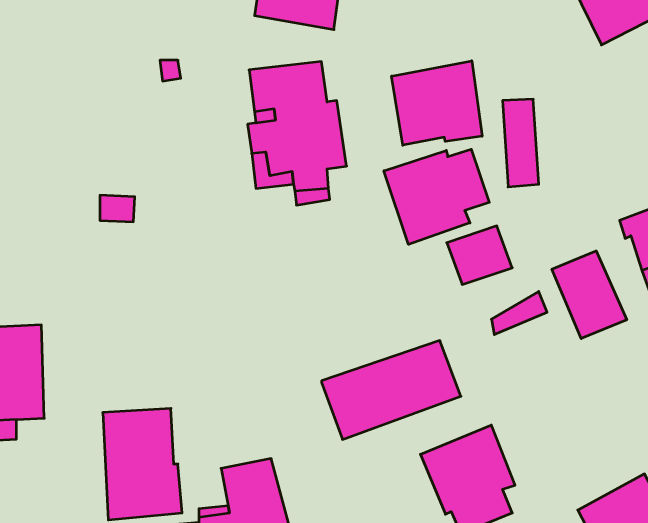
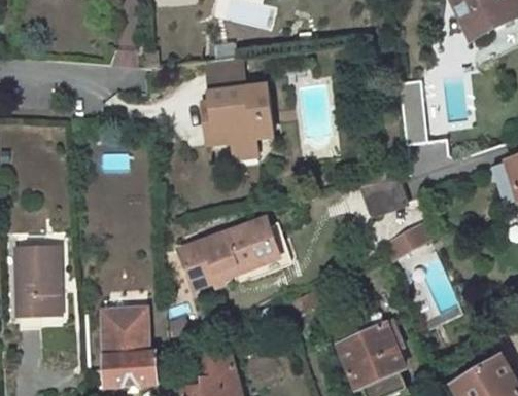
building: [392,61,482,145] -> none
building: [384,149,489,244] -> none
building: [552,251,627,339] -> none
building: [322,341,461,439] -> [179,218,282,291]

